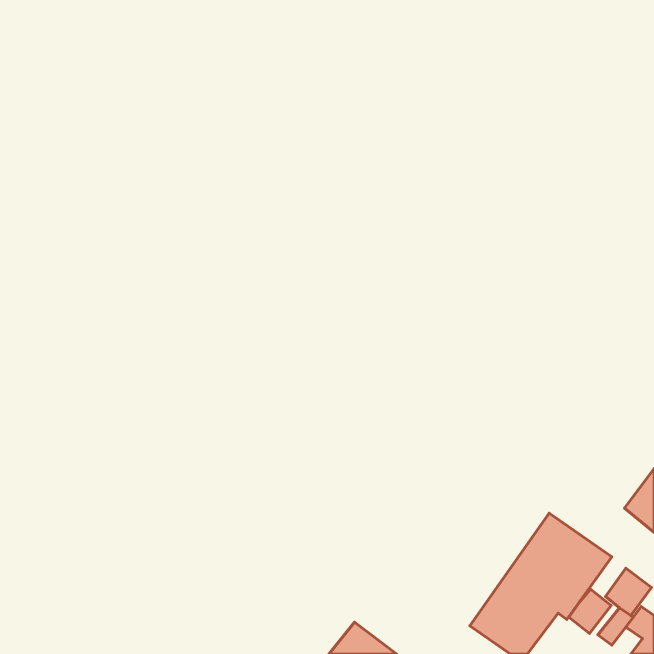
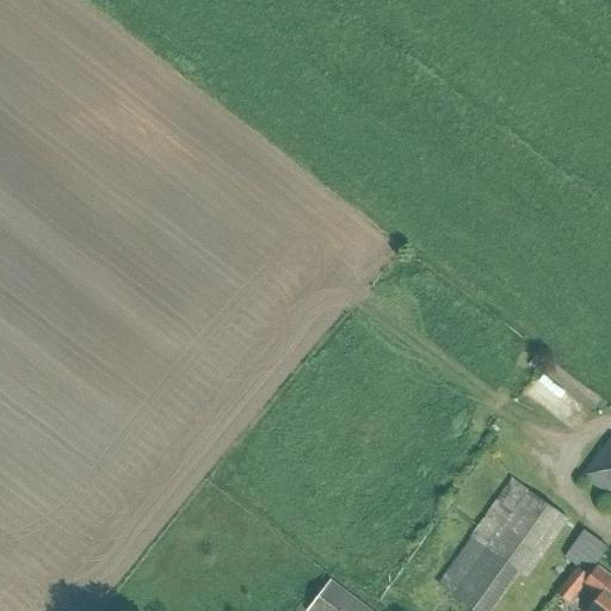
building: [569,589,611,634] -> none

